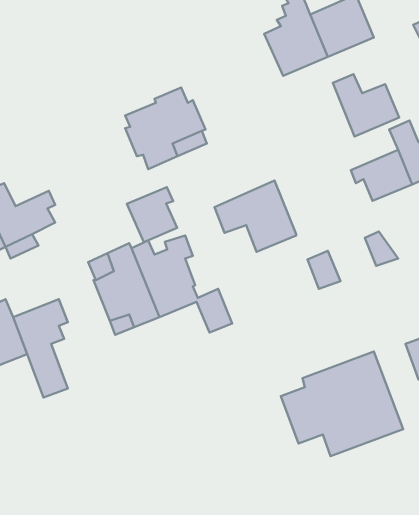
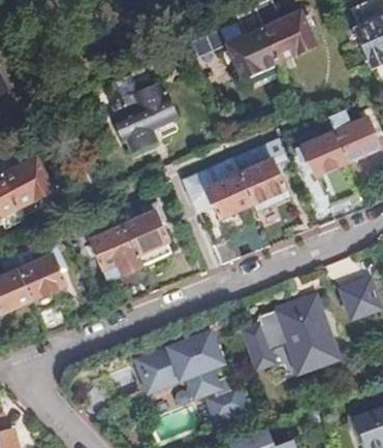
building: [333,74,399,137] -> [235,150,289,200]
building: [127,187,177,242] -> none
building: none -> [134,334,243,420]

